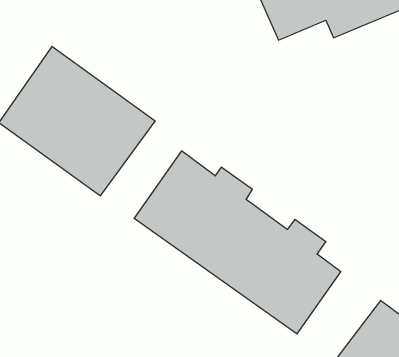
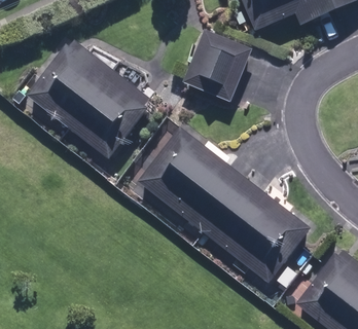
building: none -> [181,29,253,105]

